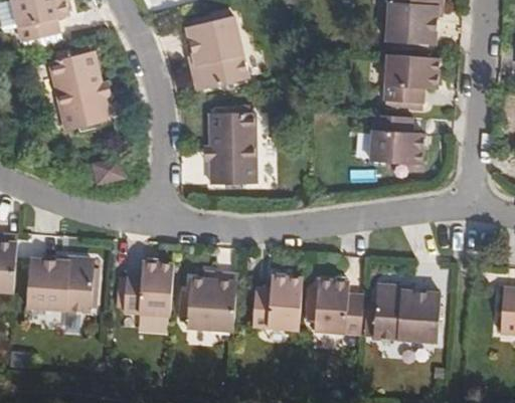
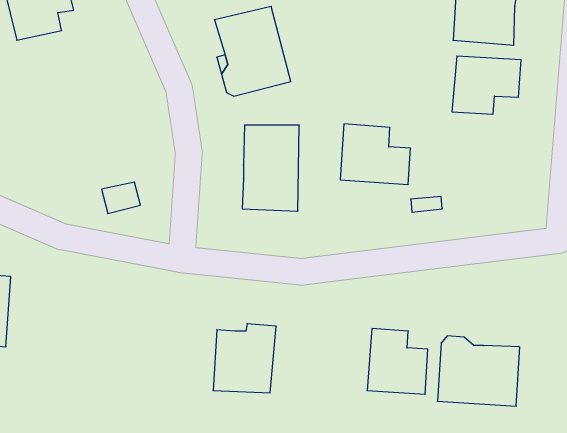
building: [49,51,109,130] -> none
building: [371,114,430,164] -> [340,124,411,185]
building: [26,258,95,315] -> none
building: [122,264,173,318] -> none
building: [250,278,302,332] -> none

